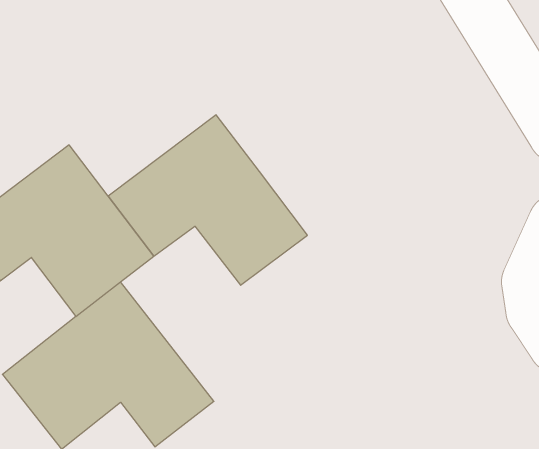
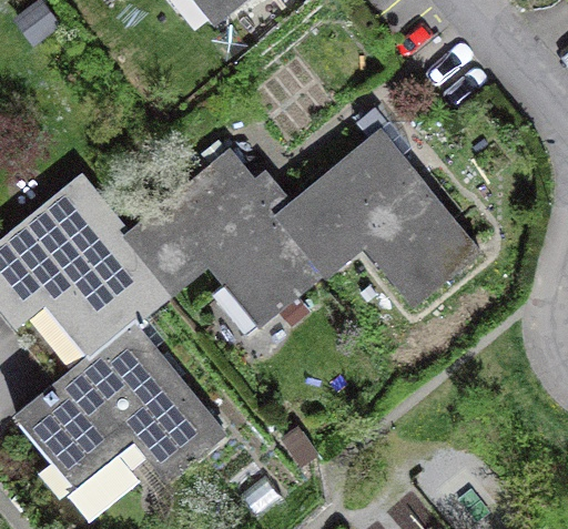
building: none -> [271,128,481,307]

